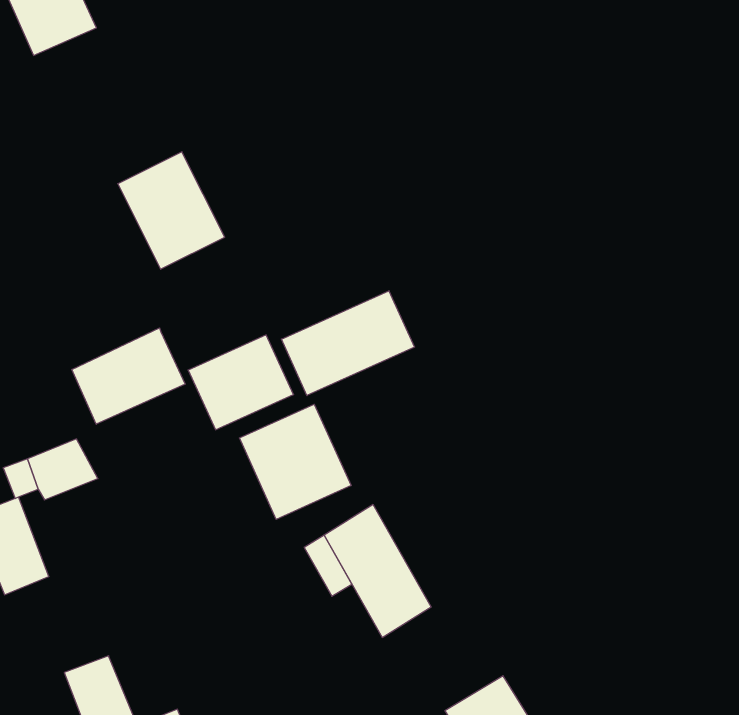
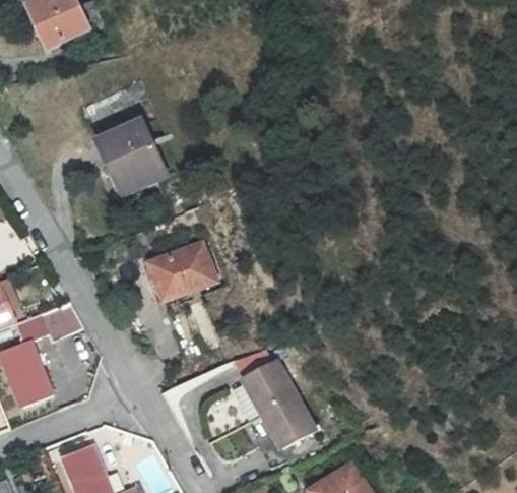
building: [281,291,414,396] -> none
building: [72,328,185,424] -> none
building: [239,404,351,519] -> none

